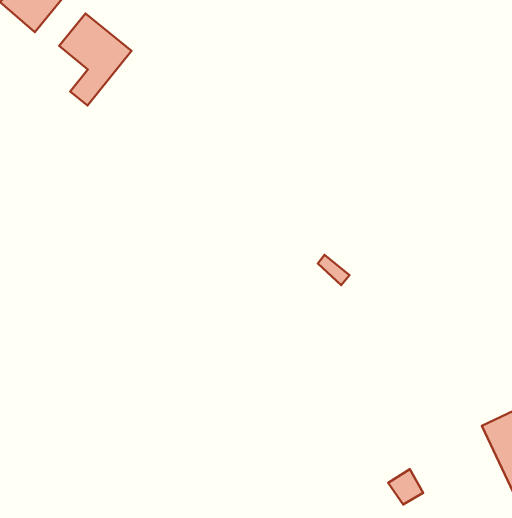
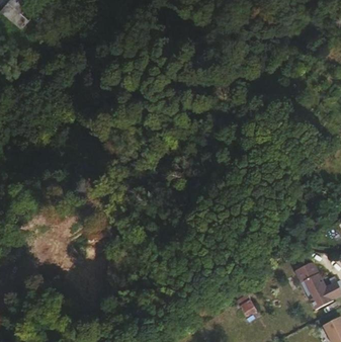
building: [59,13,131,105] -> none

